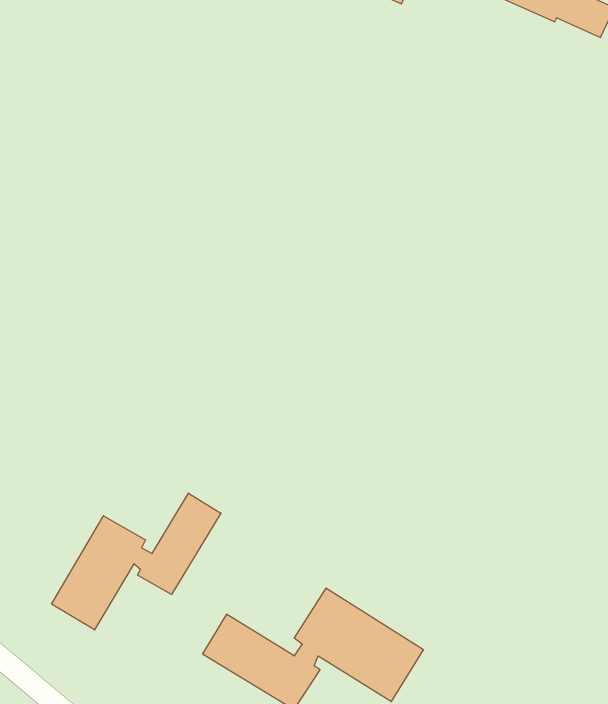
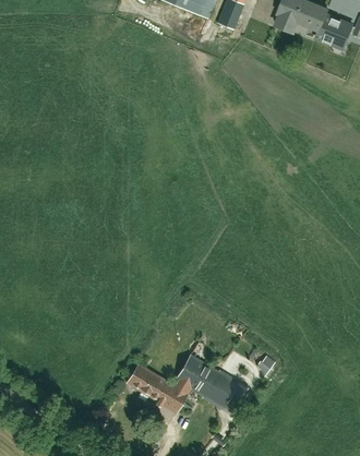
building: [51,493,221,630] -> none

